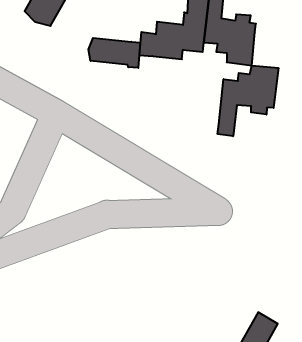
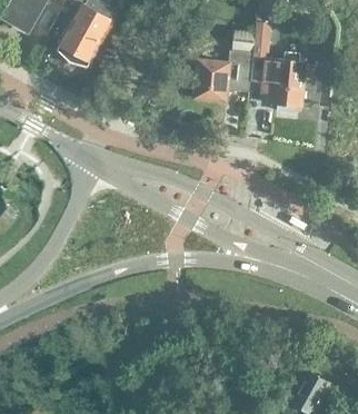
building: [89,38,140,68] -> none
building: [218,65,278,136] -> none

